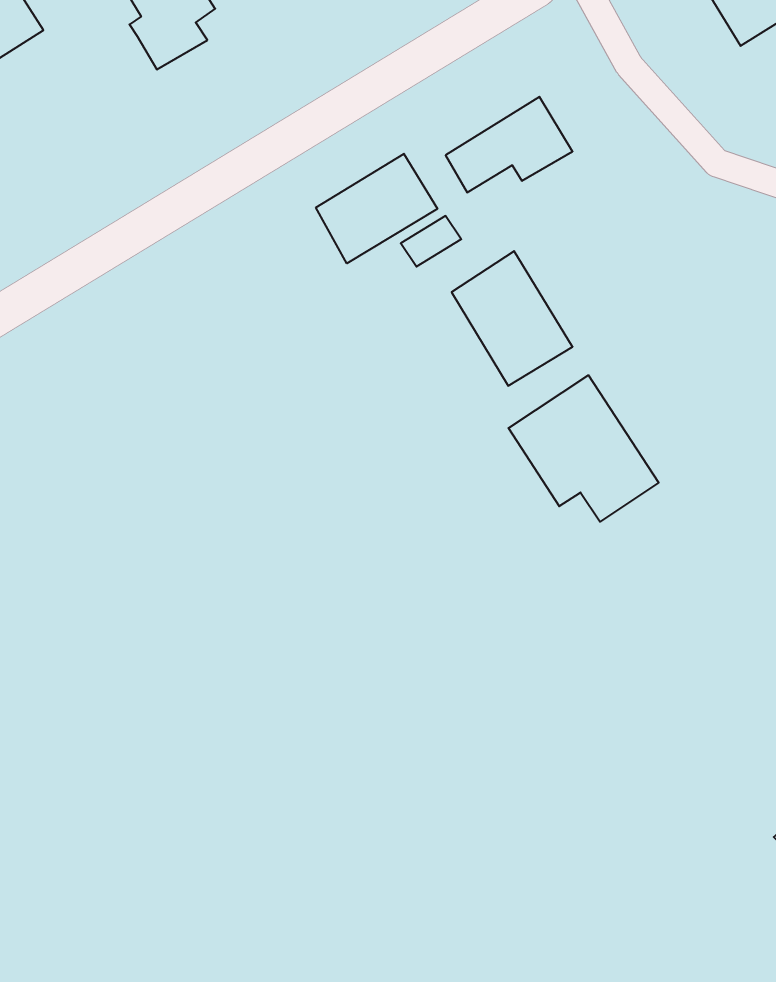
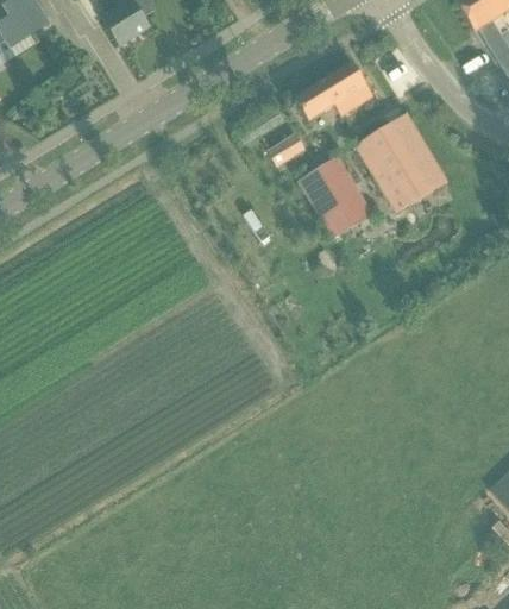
building: [316,154,437,263] -> none
building: [508,375,659,522] -> [357,113,448,202]

